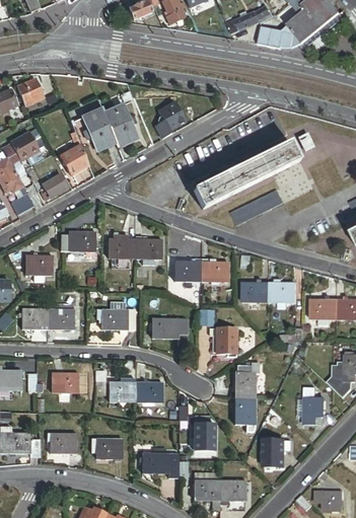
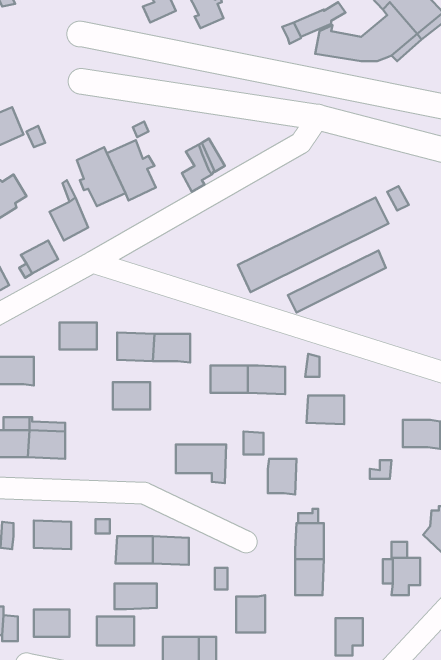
building: [270,283,296,303] -> none
building: [100,309,127,328] -> [113,382,150,410]
building: none -> [114,584,157,609]

